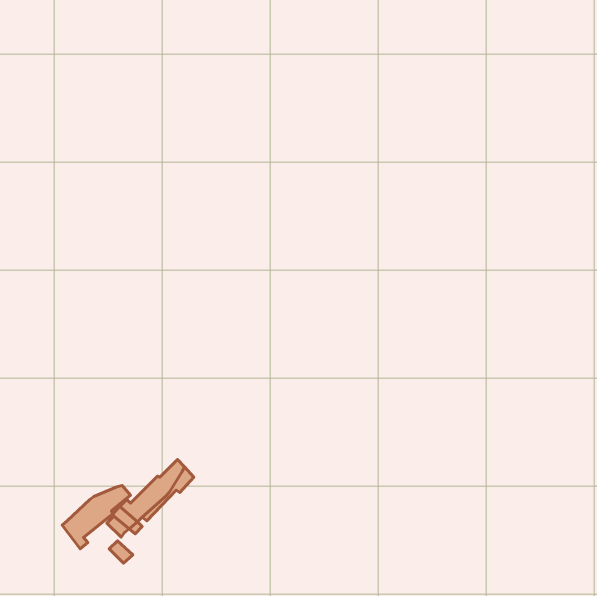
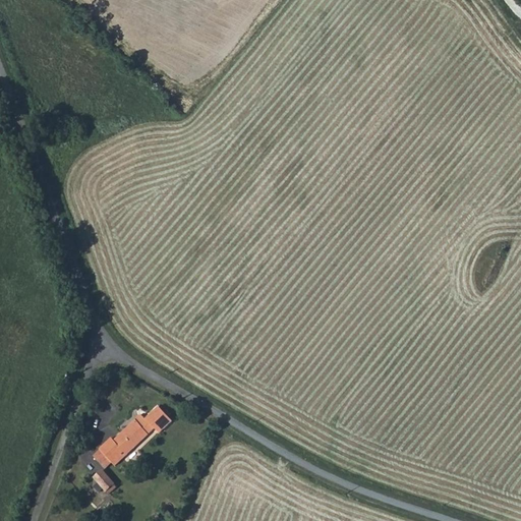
building: [62,485,130,549] -> none

